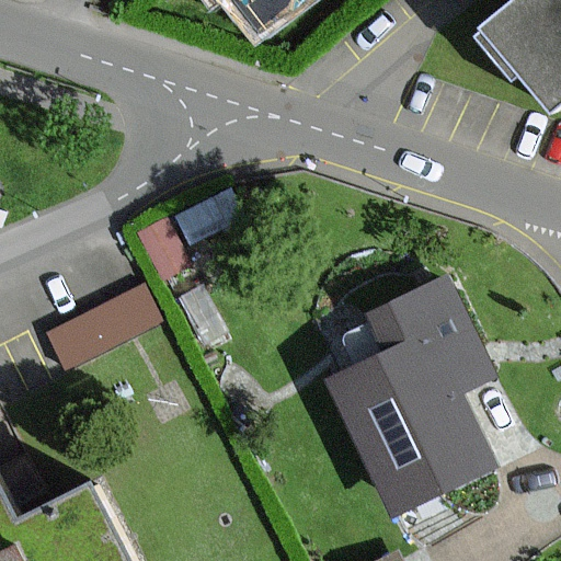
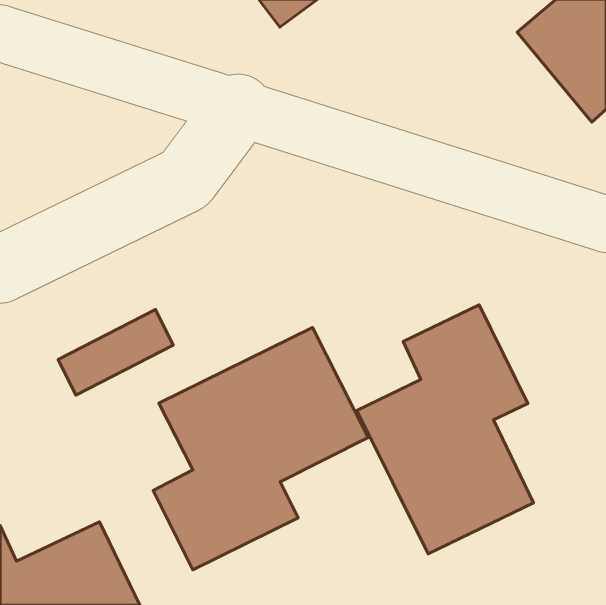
building: none -> [153,327,368,570]

